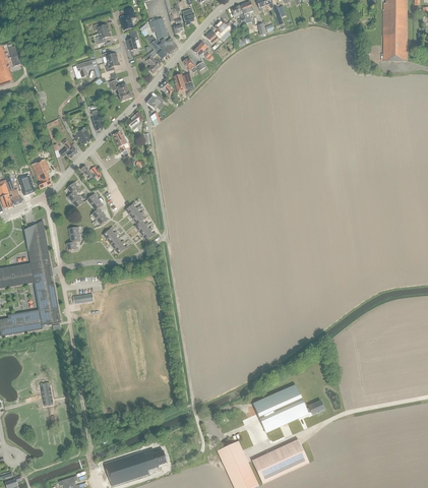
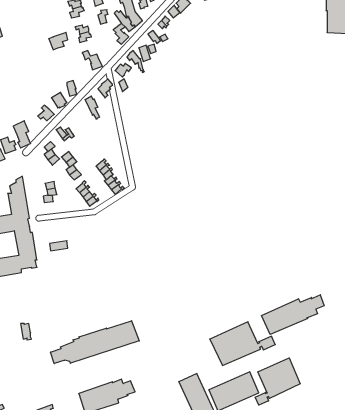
building: none -> [262,295,324,334]
building: none -> [51,321,139,364]
building: none -> [255,358,300,405]

